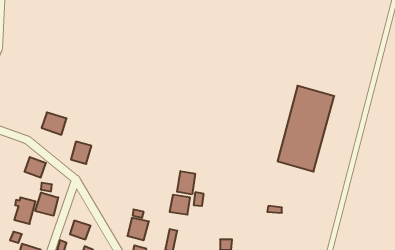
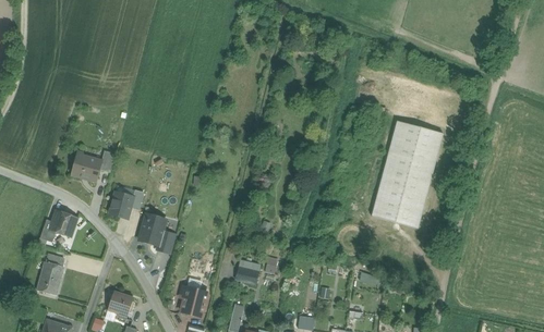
building: none -> [138,214,166,246]
building: [177,171,195,194] -> none
building: [35,192,58,216] -> none

